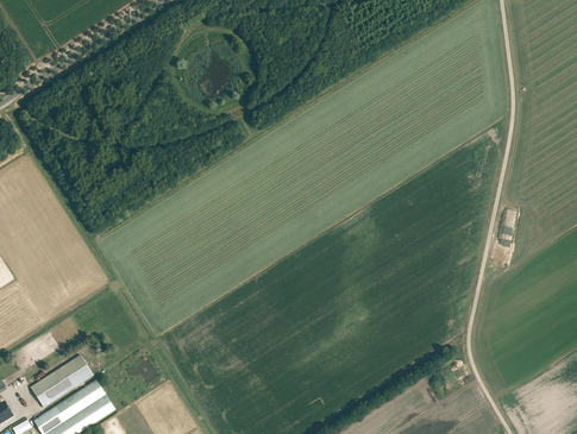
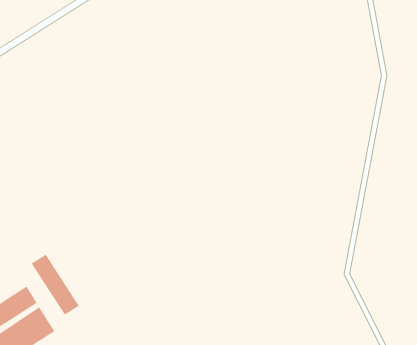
building: none -> [31,254,80,316]

